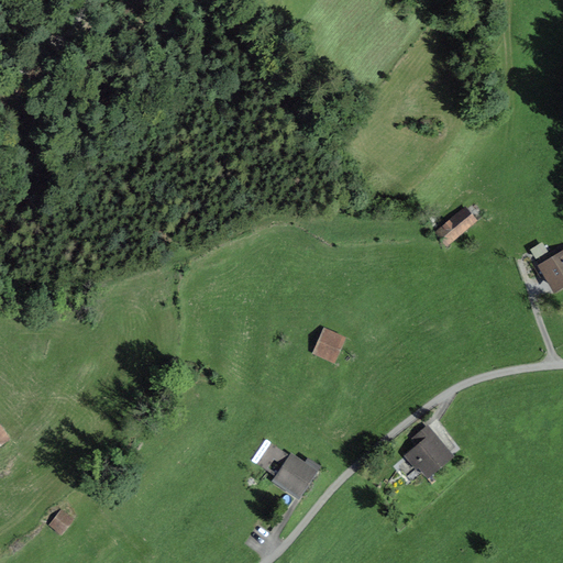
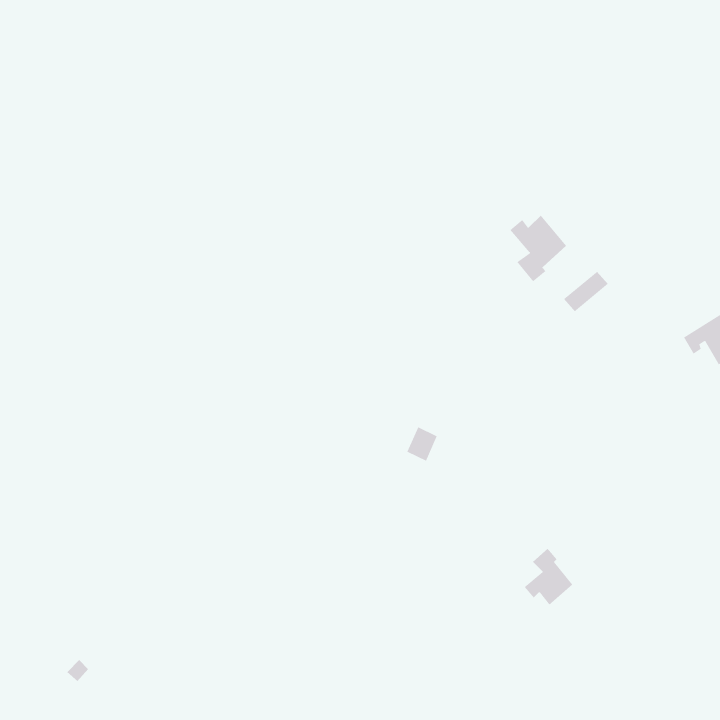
building: none -> [509,215,567,282]
building: [253,441,313,493] -> none

